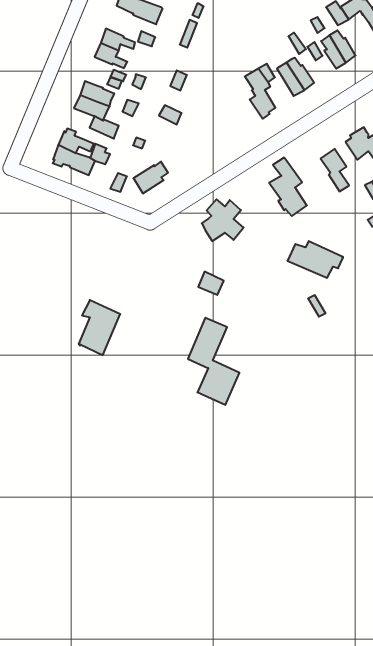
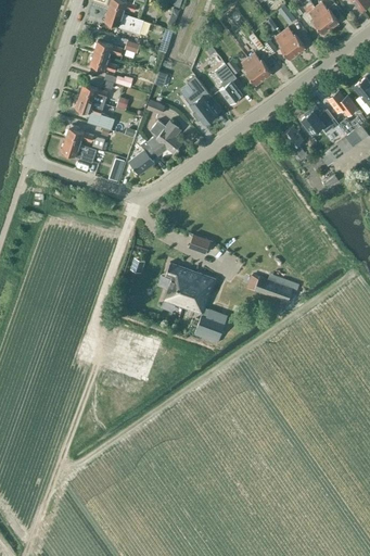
building: [269,158,307,216] -> [183,76,216,124]
building: [202,199,244,241] -> [146,121,181,155]
building: [287,241,343,278] -> [253,274,298,303]
building: [79,300,120,355] -> [163,263,195,307]

